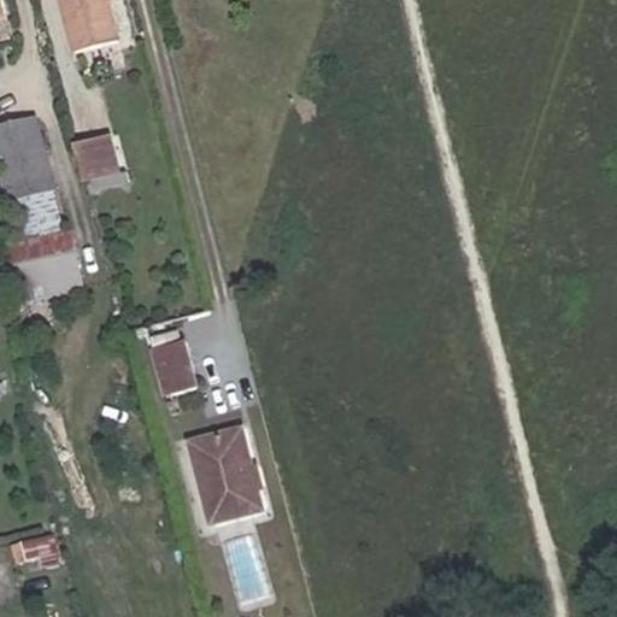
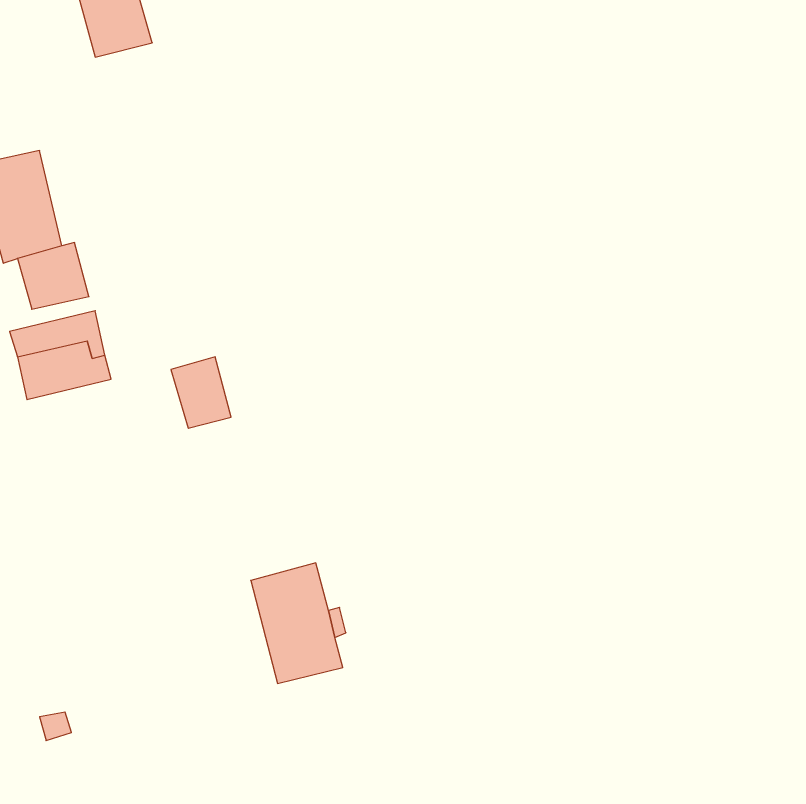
building: [74,136,113,177] -> none
building: [151,337,196,392] -> [171,357,231,428]

